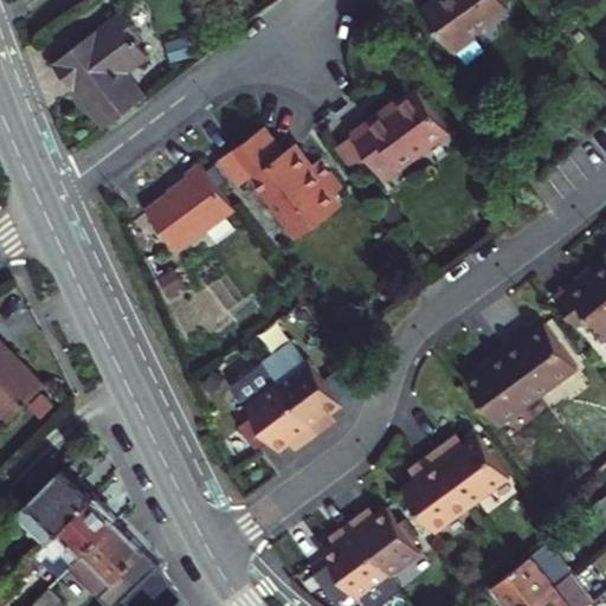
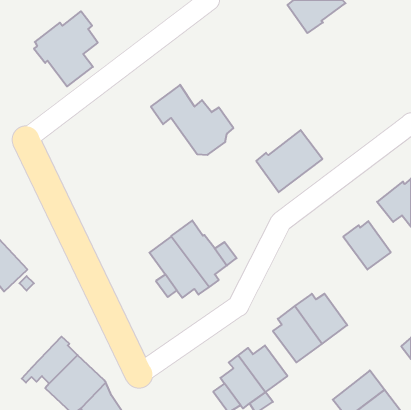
building: [350,89,447,180] -> [256,130,322,192]
building: [150,167,239,256] -> none
building: [470,350,539,426] -> none
building: [14,466,90,542] -> none

